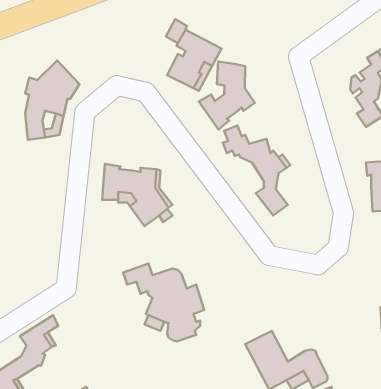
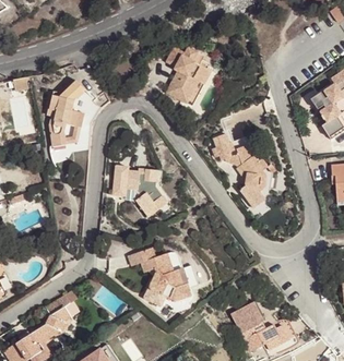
building: [199,62,255,130] -> none

